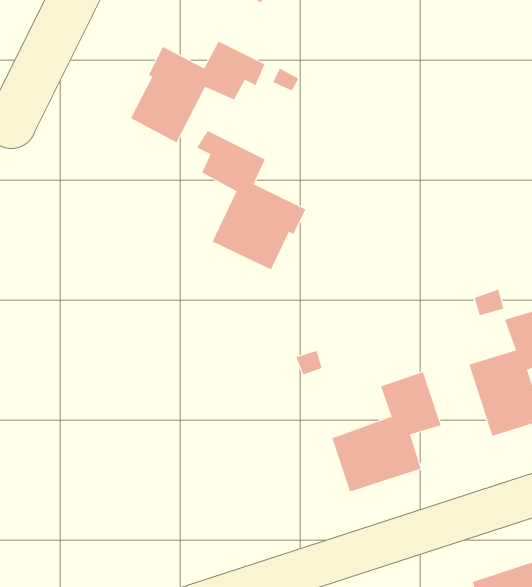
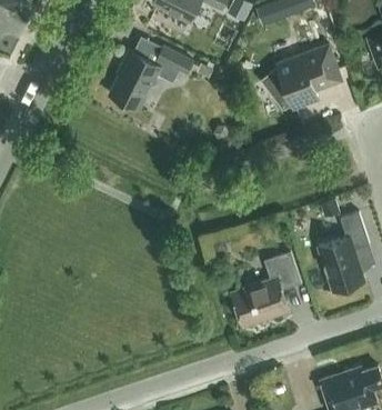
building: none -> [261,46,342,110]
building: [196,130,306,270] -> none

